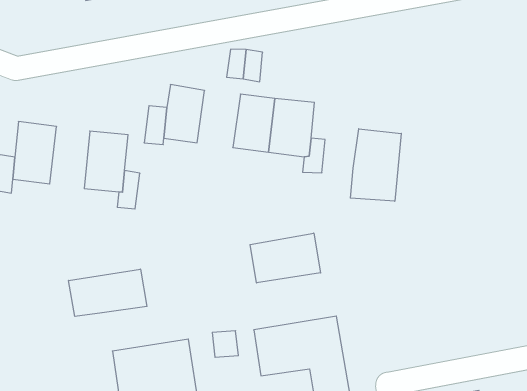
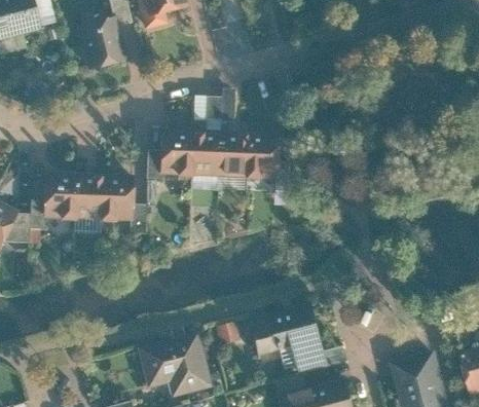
building: none -> [189,134,220,177]
building: none -> [75,174,103,221]
building: [350,129,401,201] -> none
building: [250,233,321,283] -> none
building: [69,269,147,316] -> none

